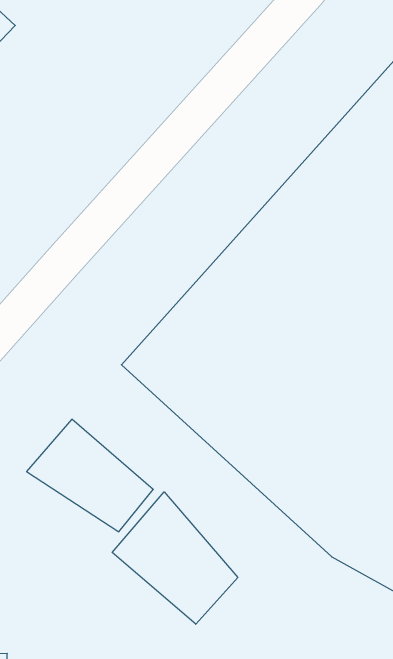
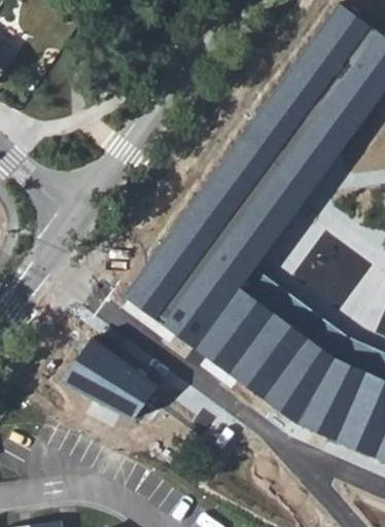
building: [112,492,238,624] -> none

